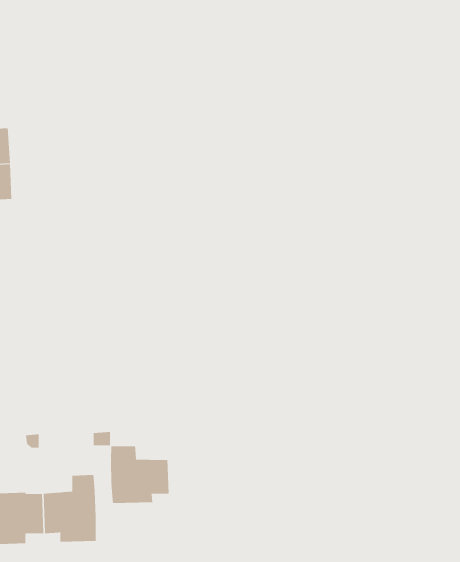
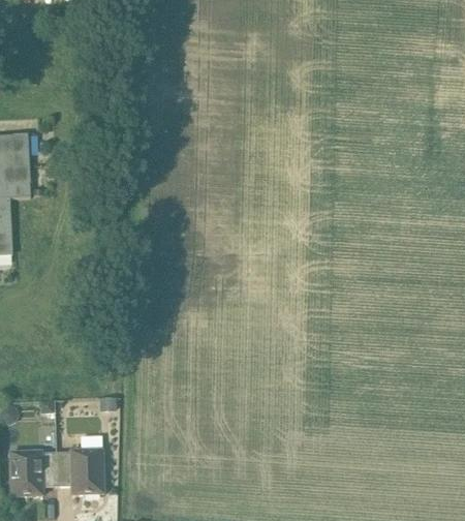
building: [111,445,169,504] -> none

